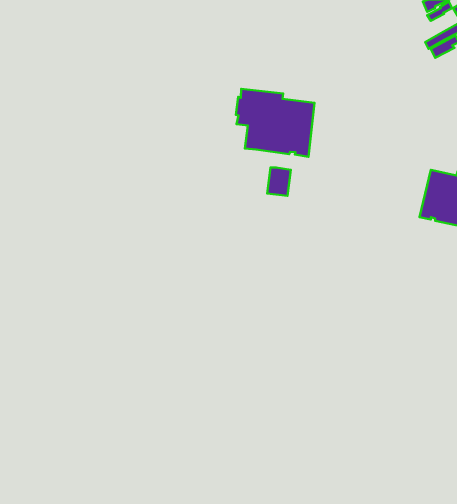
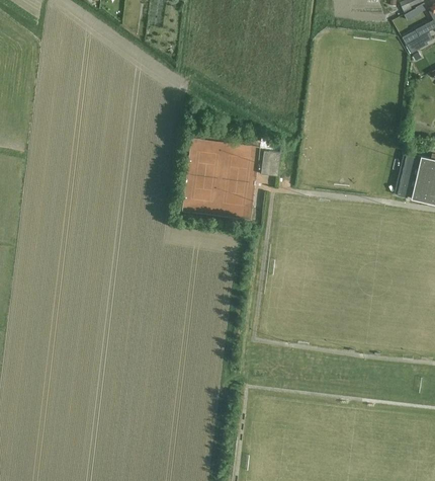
building: [236,89,314,157] -> none

